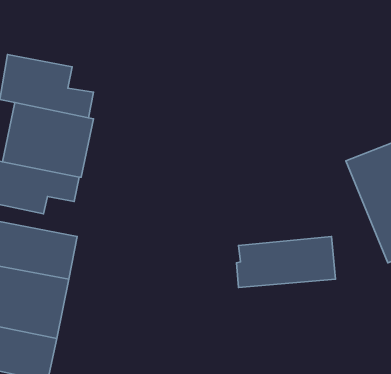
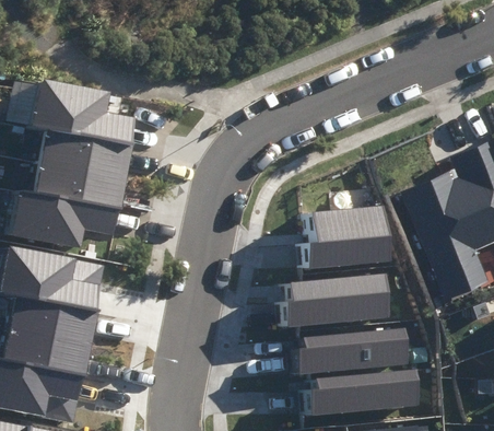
building: none -> [301,203,389,269]
building: none -> [293,328,407,373]
building: none -> [307,368,420,415]

